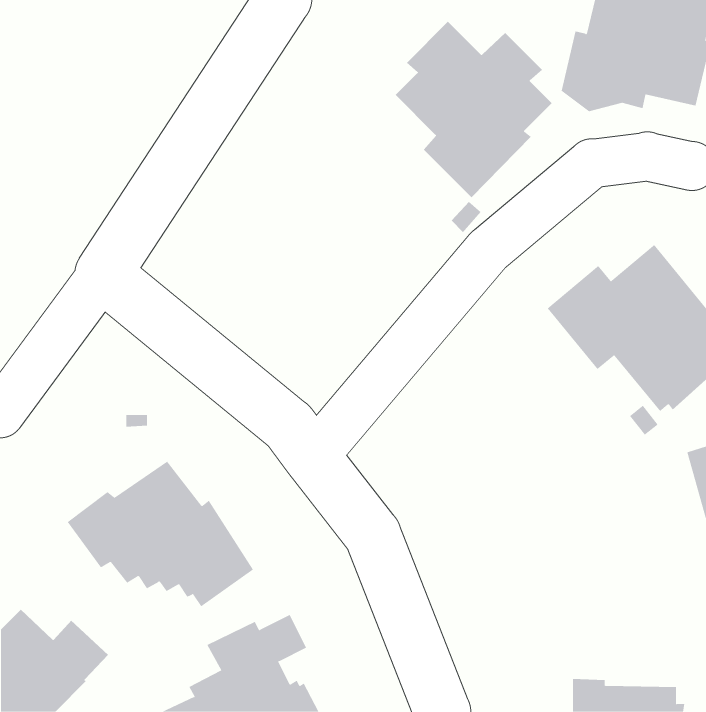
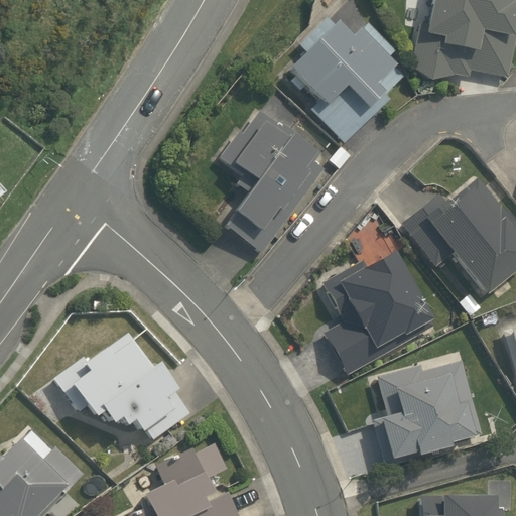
building: none -> [220,107,325,254]
building: none -> [324,250,433,374]
building: none -> [371,358,483,464]

